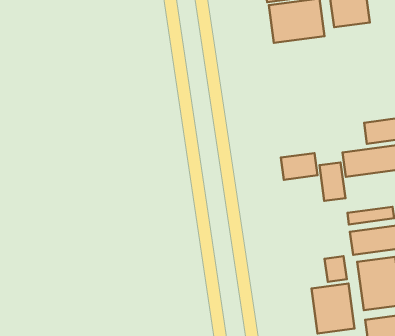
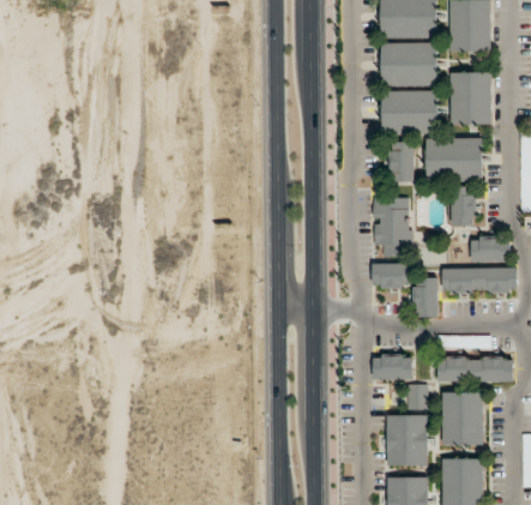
building: none -> [424,139,483,182]
building: none -> [388,143,415,184]
building: none -> [451,188,476,227]
building: none -> [372,198,411,258]
building: none -> [373,355,412,381]

